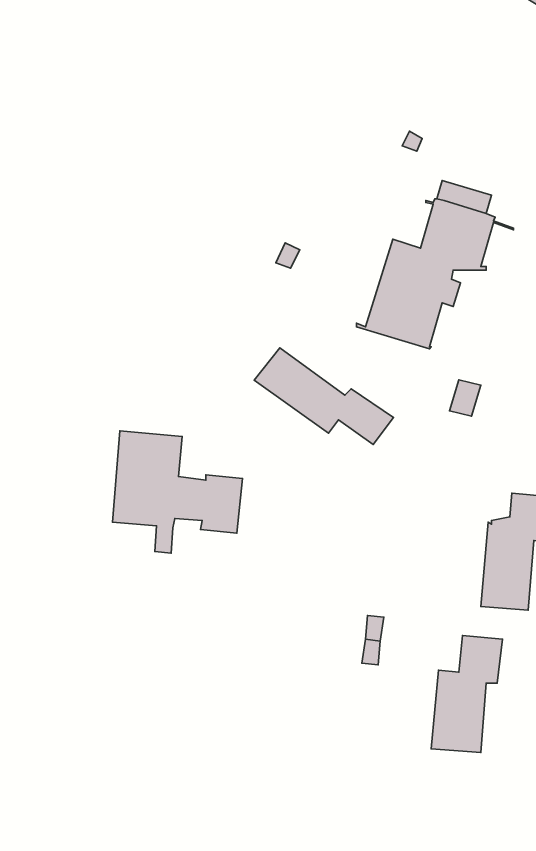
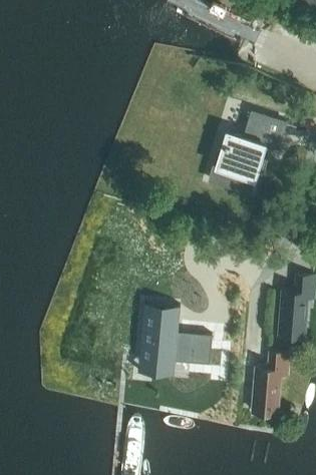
building: [254,348,393,444] -> none
building: [113,431,242,553] -> [139,310,211,377]

